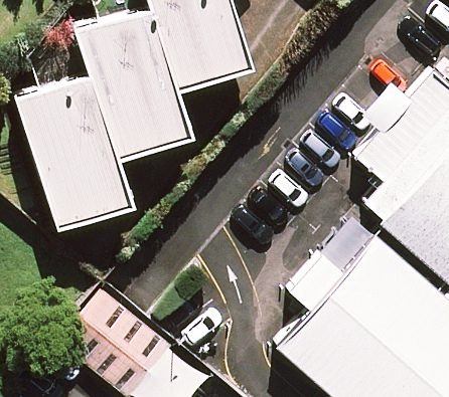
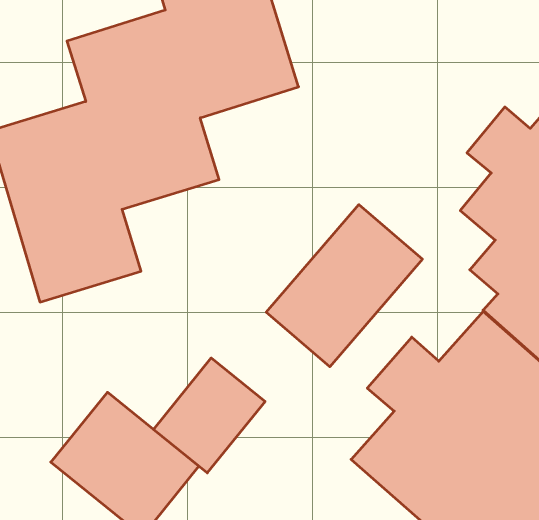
building: none -> [266,205,422,367]
building: none -> [153,358,265,473]

